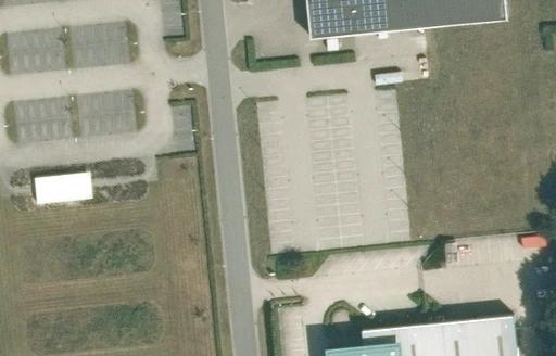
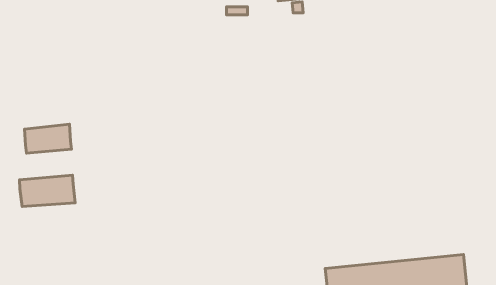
building: none -> [19,175,75,207]

